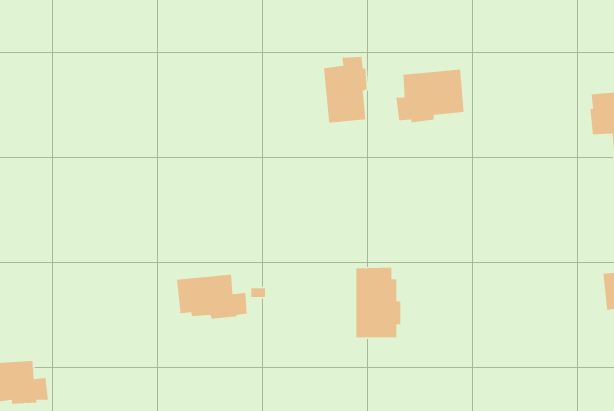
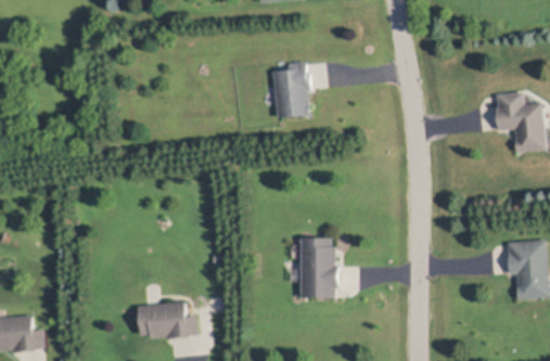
building: [395,69,464,123] -> none
building: [176,274,248,319] -> [137,301,196,339]

